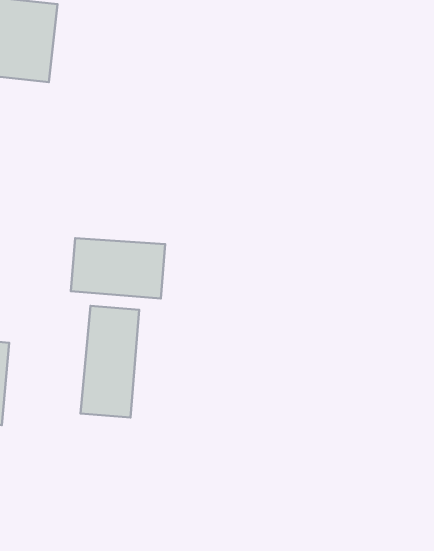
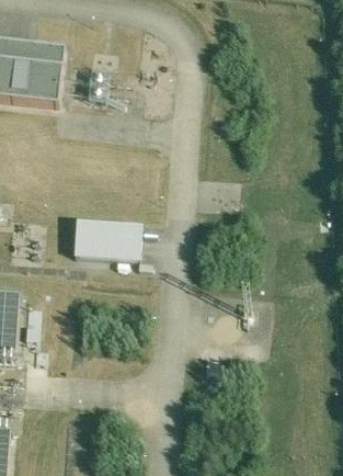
building: [80,306,139,417] -> none

